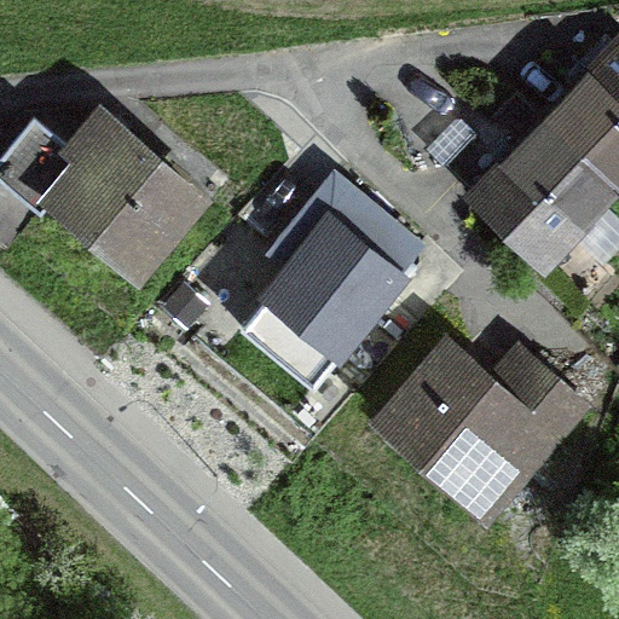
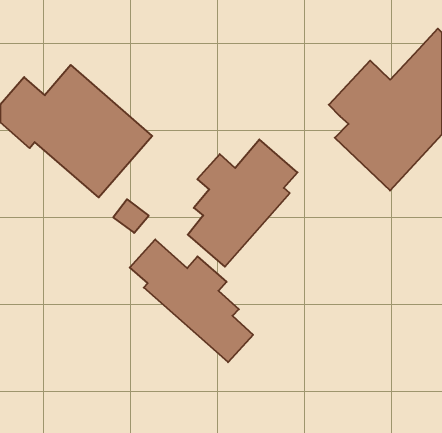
building: [368,334,594,528] -> none
building: none -> [130,239,253,362]

